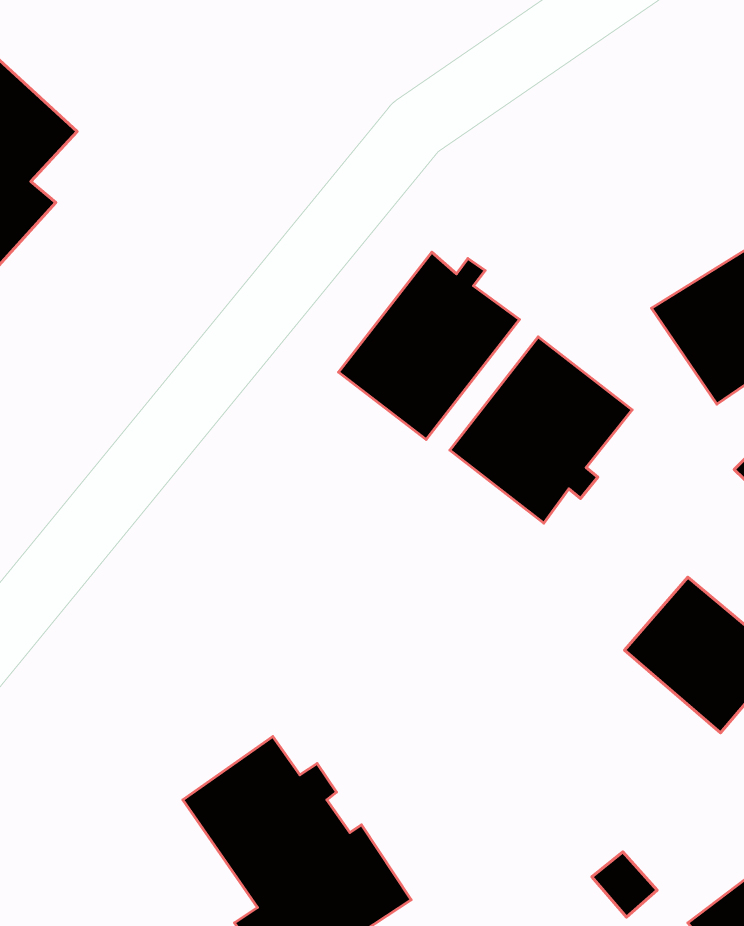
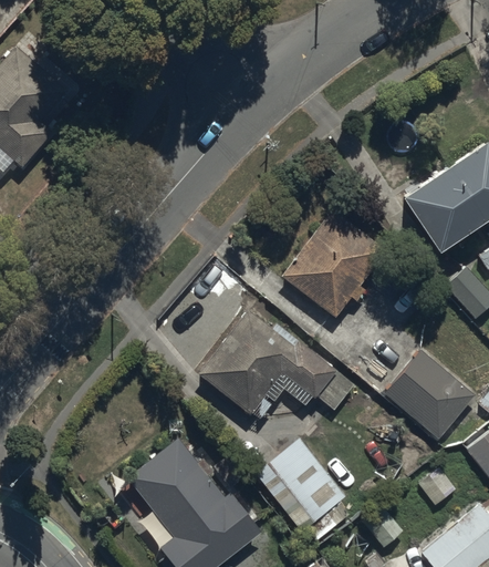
building: [339,252,519,440] -> none
building: none -> [198,312,355,415]
building: none -> [257,441,348,526]

